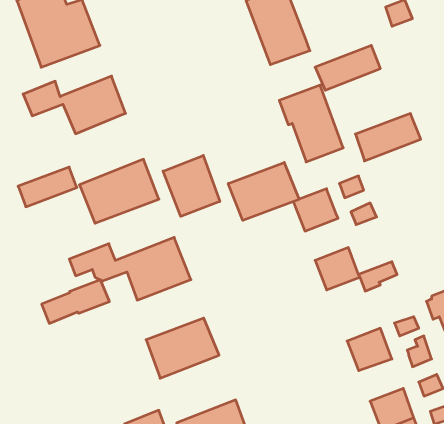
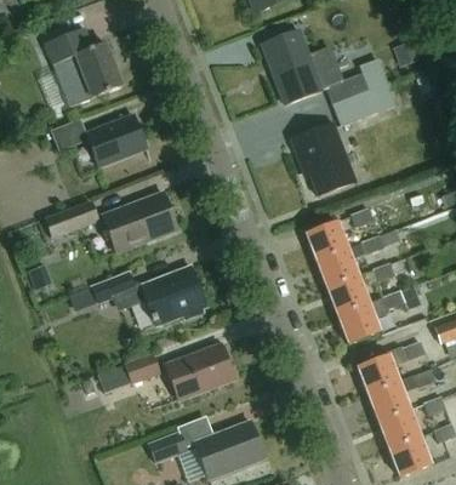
building: [355,114,421,161] -> [319,59,381,104]
building: [163,155,220,216] -> none
building: [228,162,299,220] -> none
building: none -> [318,247,359,287]
building: none -> [338,303,381,343]
building: [42,280,109,323] -> [99,352,164,393]
building: none -> [369,381,411,421]

